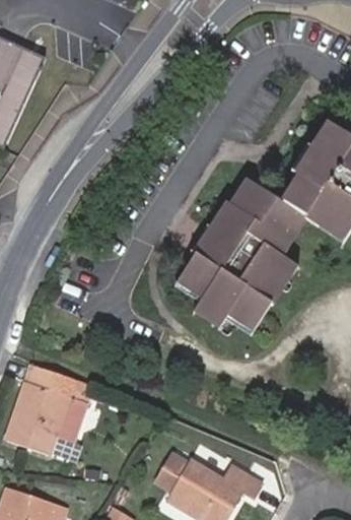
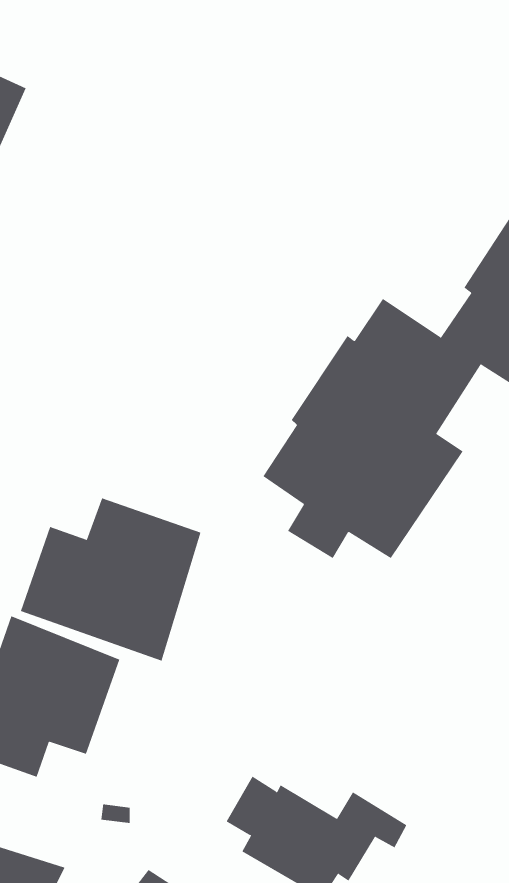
building: none -> [20,497,201,661]

